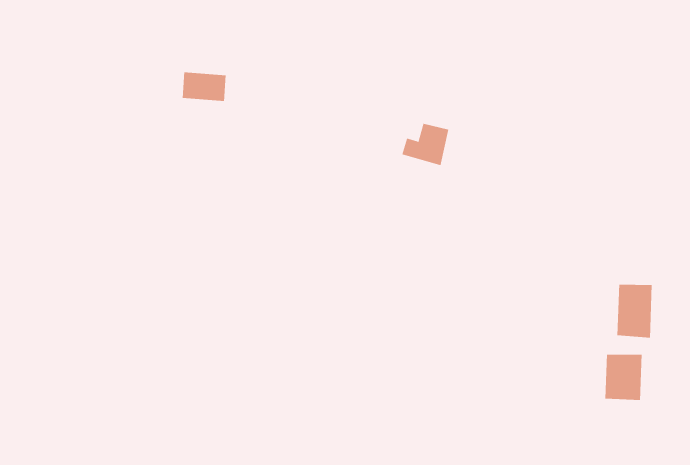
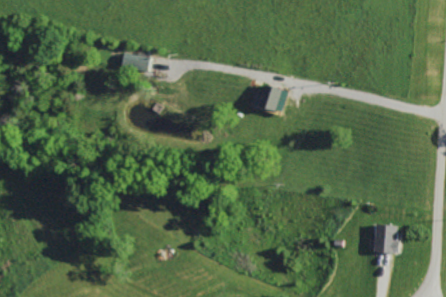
building: [617,284,652,339] -> none

